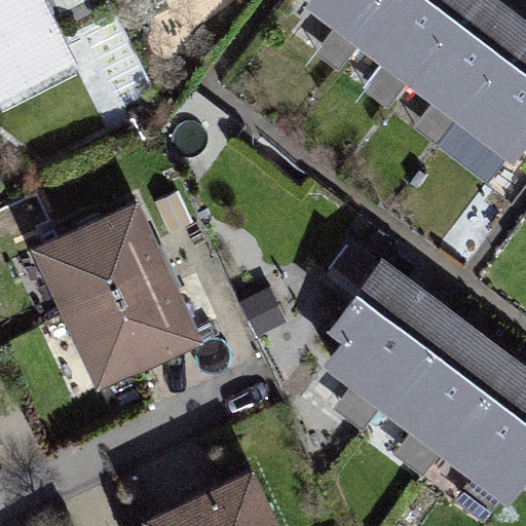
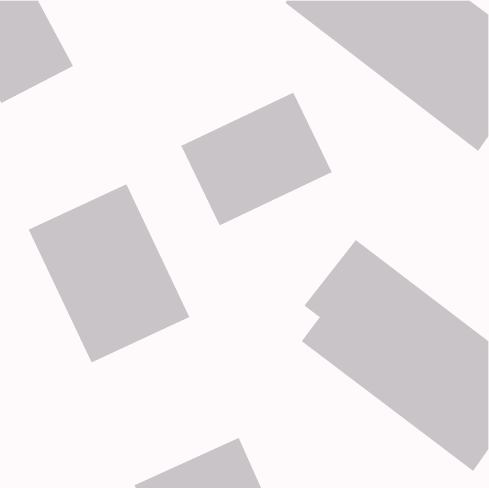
building: none -> [180,92,332,226]

